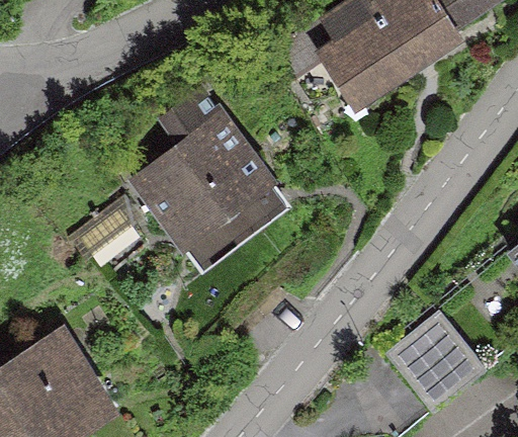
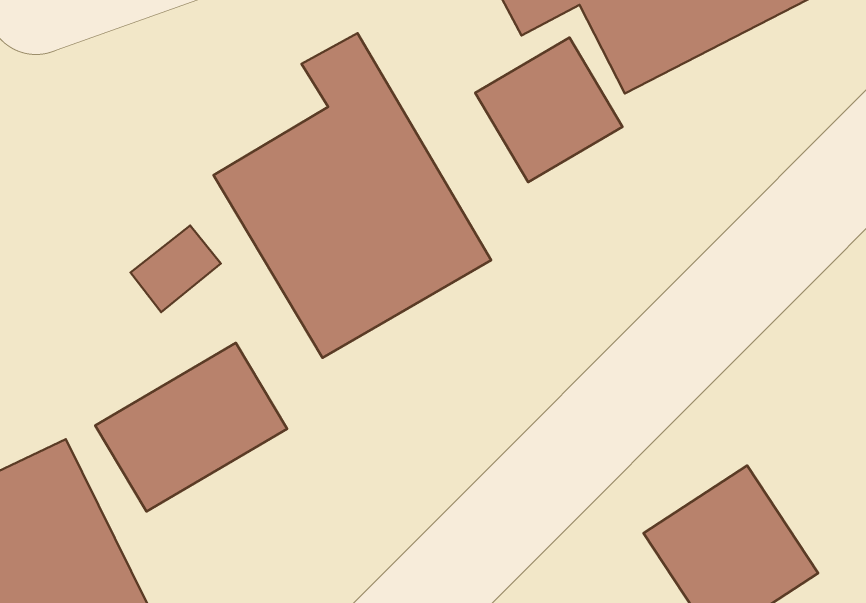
building: none -> [475,38,622,182]
building: none -> [95,343,287,511]

